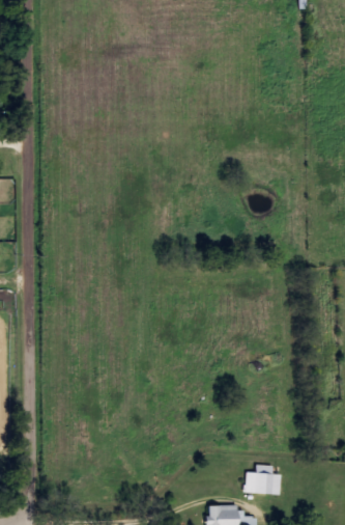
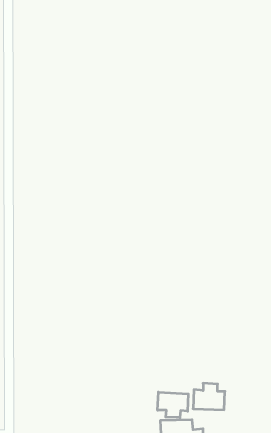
building: none -> [158,392,188,418]

